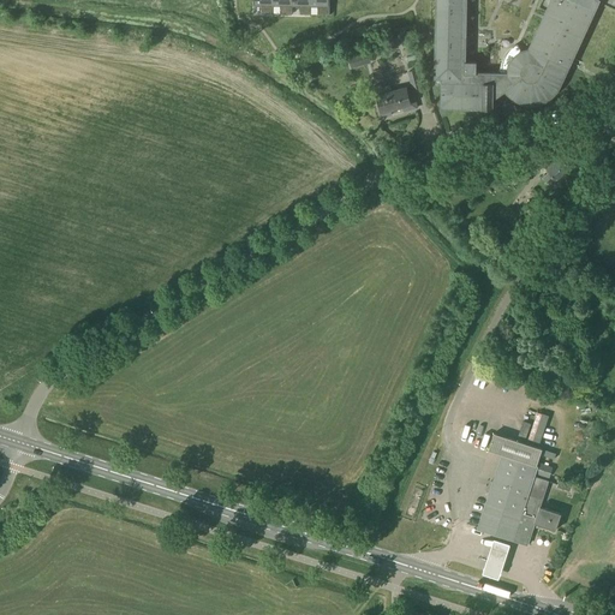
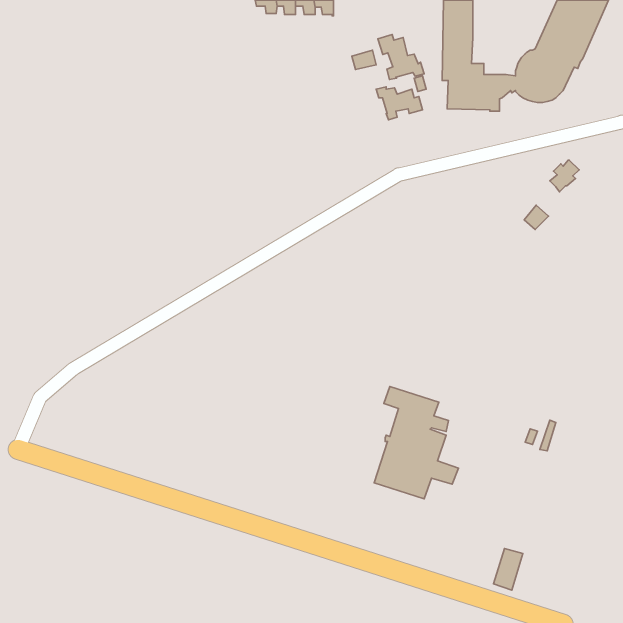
building: none -> [378,35,424,79]
building: [477,435,560,545] -> [374,386,458,499]

